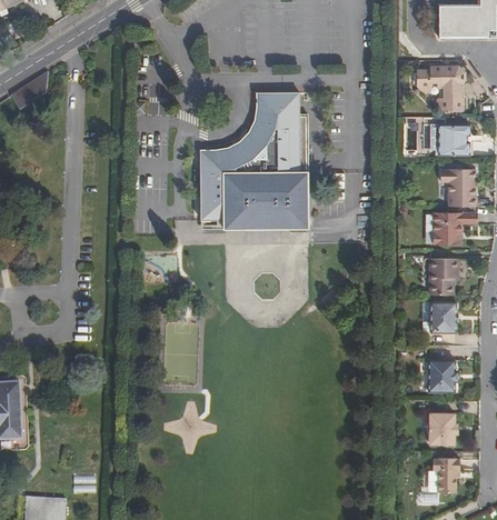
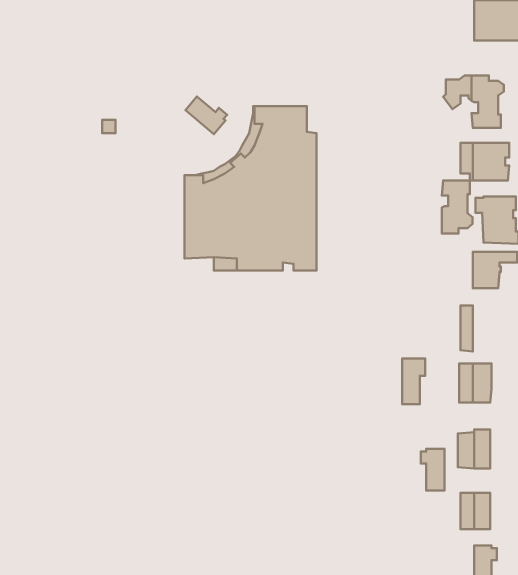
building: none -> [185,97,227,134]
building: none -> [442,180,473,233]
building: [438,257,457,294] -> [402,358,425,404]
building: none -> [421,449,444,490]

